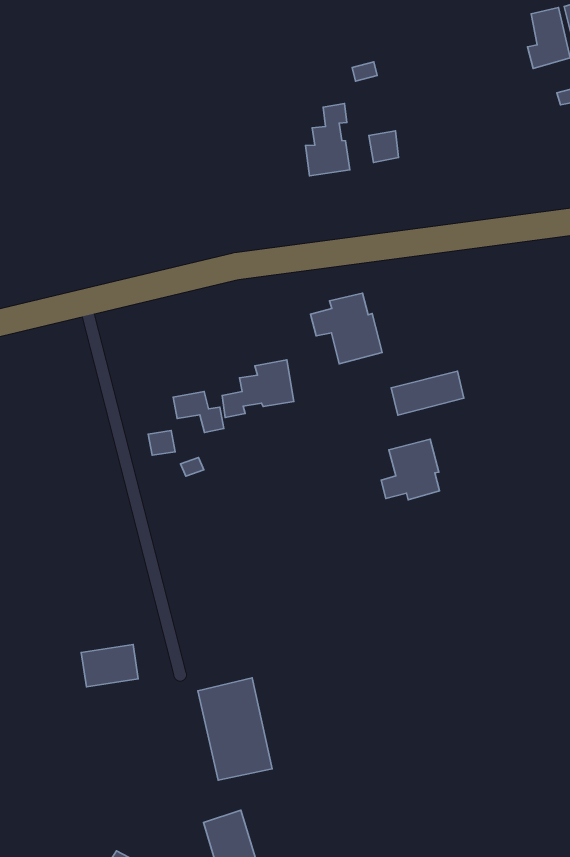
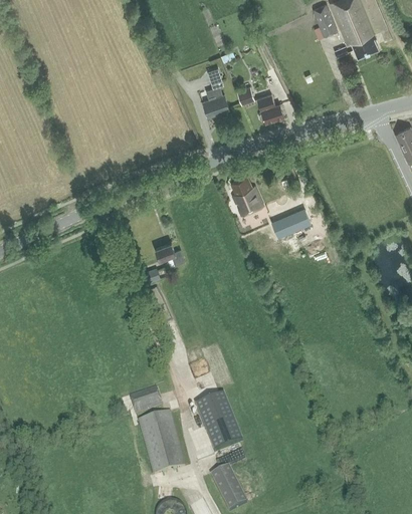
building: none -> [257,95,284,123]
building: [222,360,294,417] -> none
building: [381,439,439,500] -> none
building: none -> [138,412,185,475]

